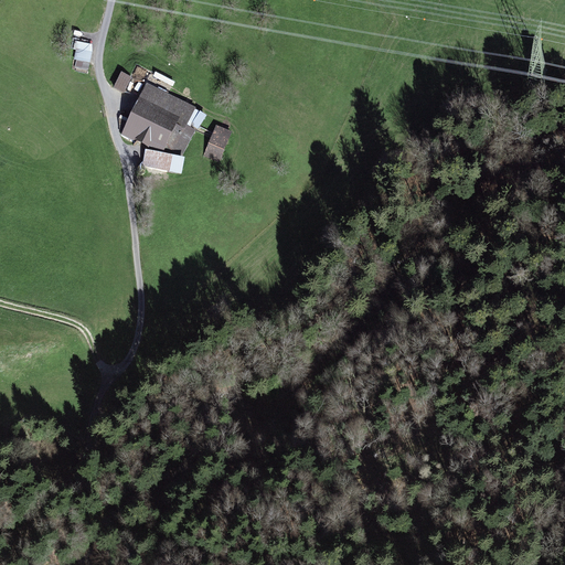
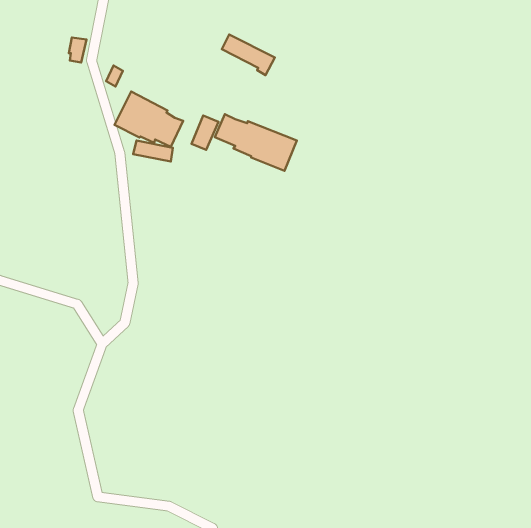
building: [139,82,195,125] -> [222,35,275,75]
building: none -> [215,114,297,171]

